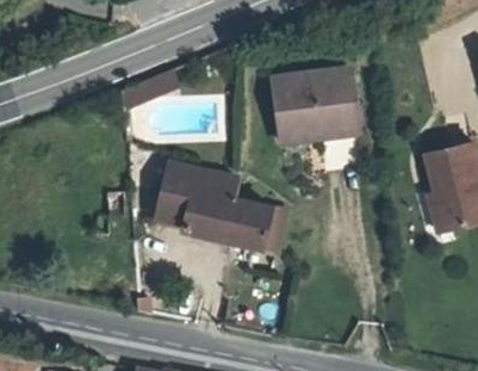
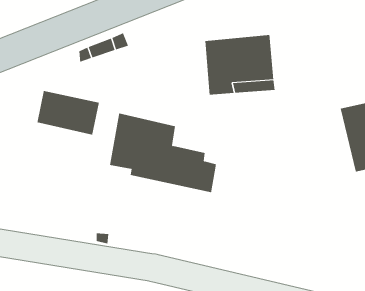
building: none -> [37,90,99,136]

